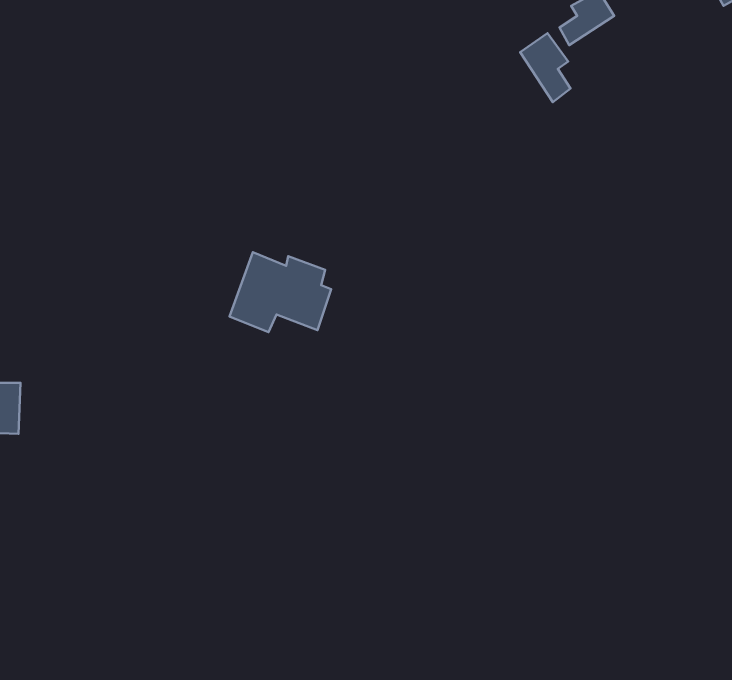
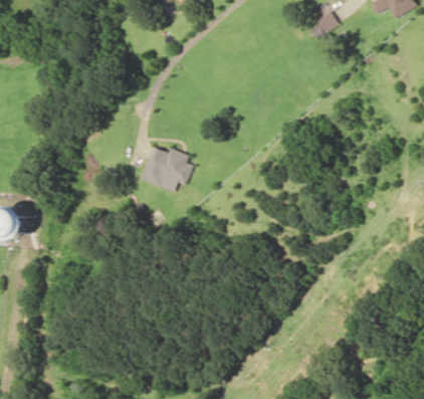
building: [520,33,571,102] -> none

